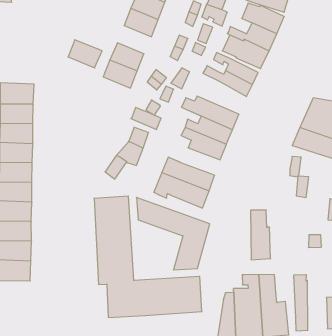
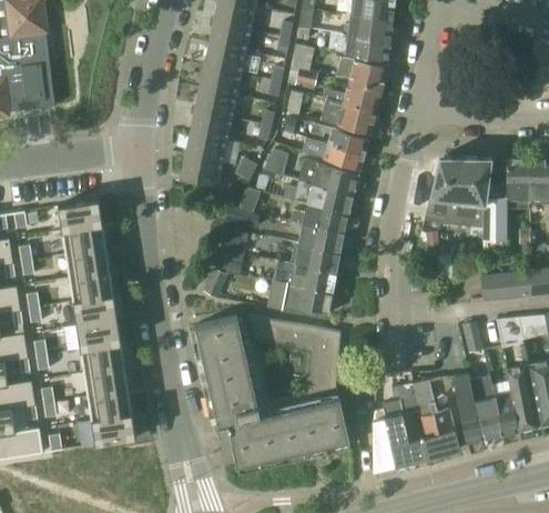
building: [68,40,102,68] -> [191,110,231,140]
building: none -> [298,159,358,193]
building: none -> [289,243,339,272]
building: [251,210,271,260] -> [470,376,505,440]

